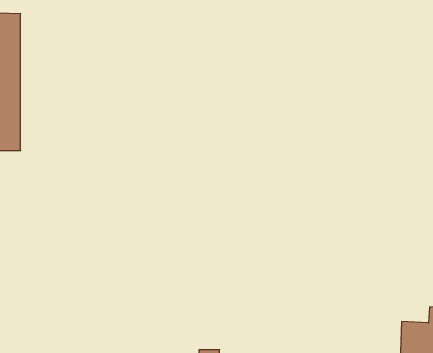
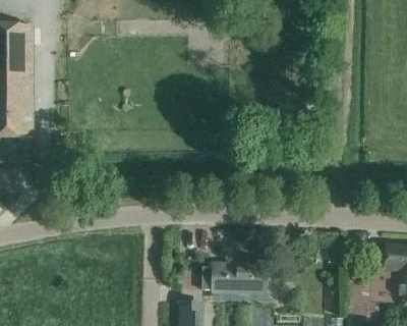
building: none -> [202,266,267,295]

